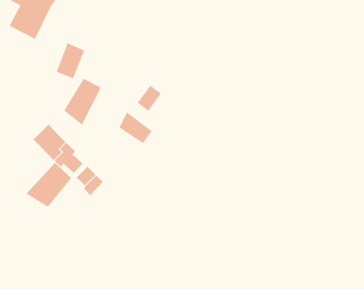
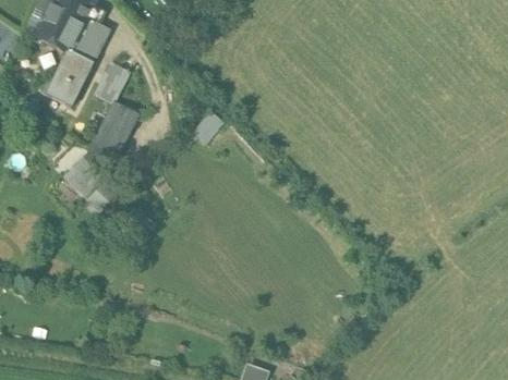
building: none -> [44,10,108,108]
building: [119,111,152,144] -> none
building: [25,162,72,208] -> none

